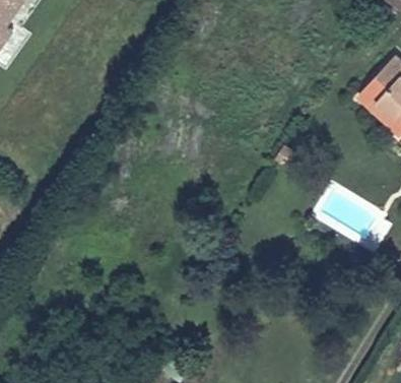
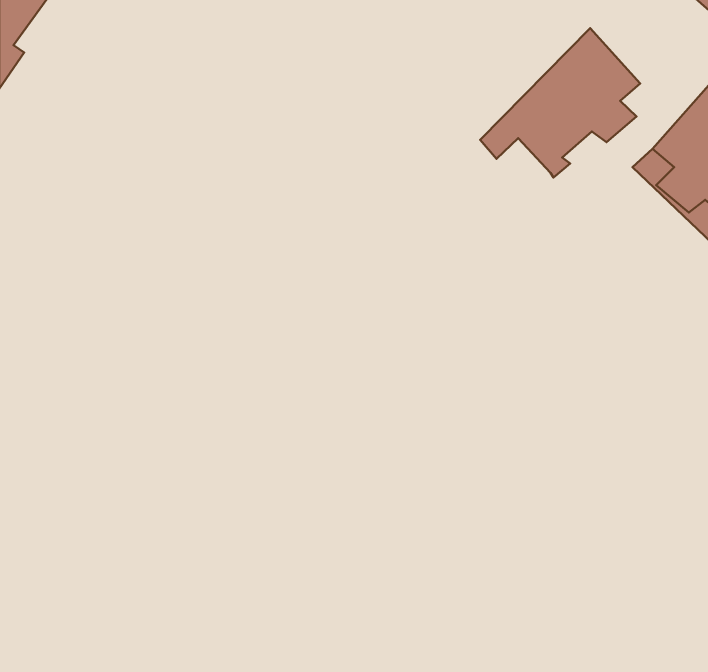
building: none -> [480,28,640,178]

